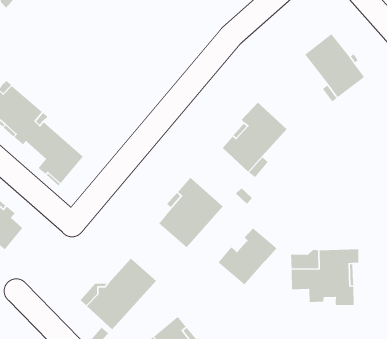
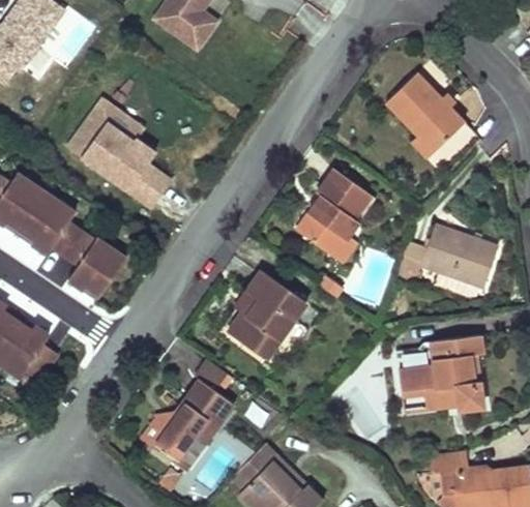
building: none -> [62,94,173,208]
building: none -> [396,225,498,295]
building: [217,227,278,286] -> none

